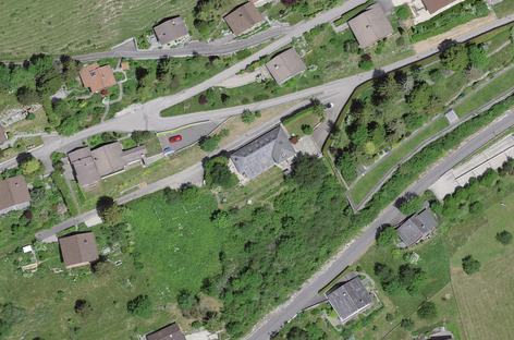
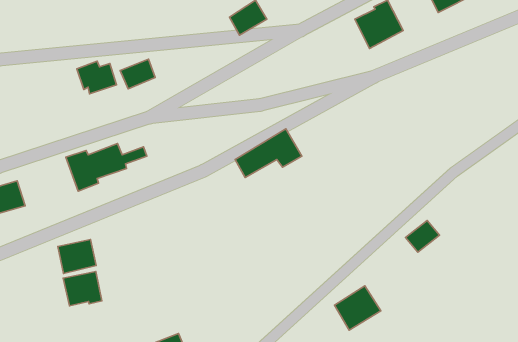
building: [154,17,187,46] -> [120,59,155,89]
building: [265,48,303,83] -> none
building: none -> [63,272,102,306]

